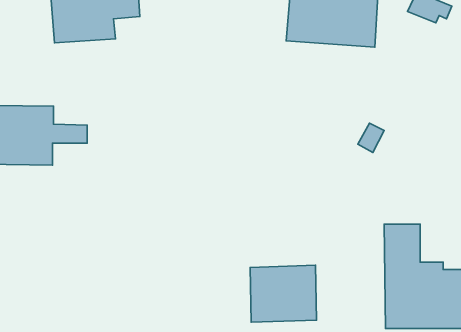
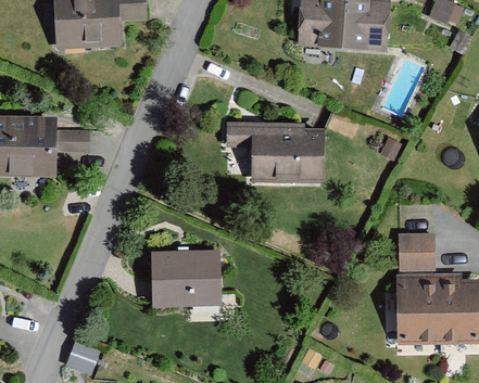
building: none -> [227,124,324,186]
building: [250,265,316,322] -> [151,248,219,307]

